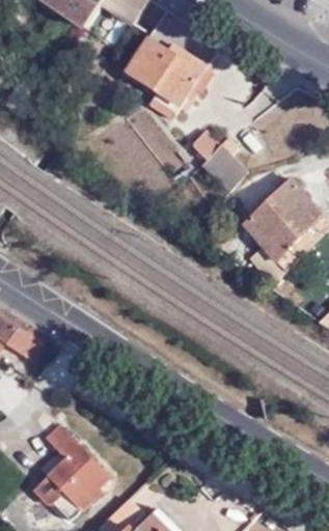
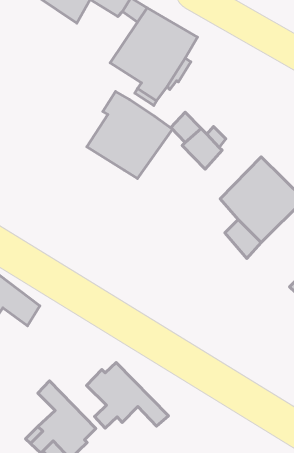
building: none -> [87,92,172,178]
building: none -> [87,362,169,428]

